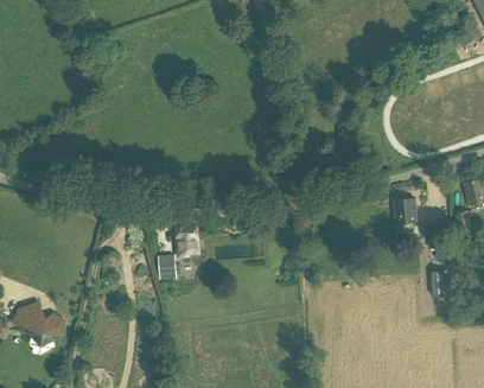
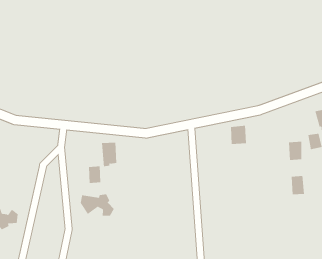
building: [394,197,416,223] -> [230,125,247,145]
building: none -> [80,193,115,216]

